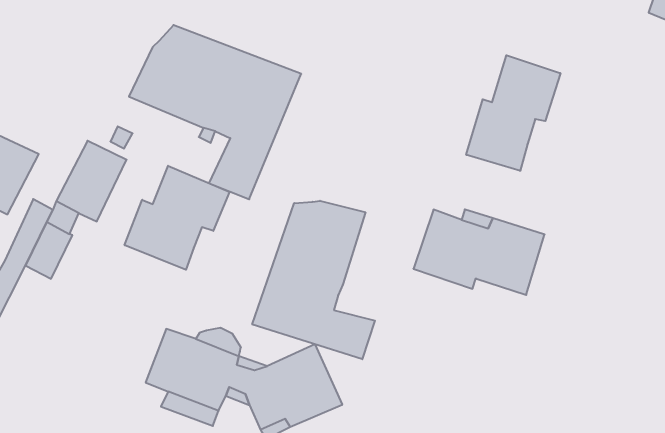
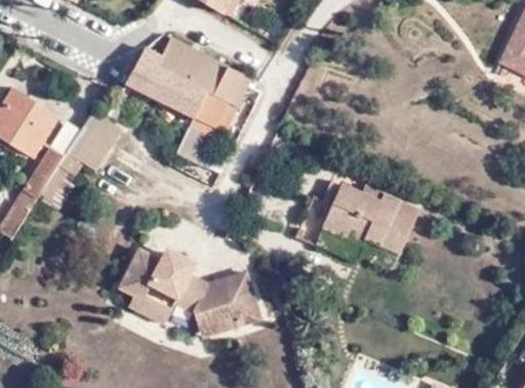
building: [466,55,560,171] -> none
building: [125,166,230,270] -> none
building: [252,201,375,359] -> none

